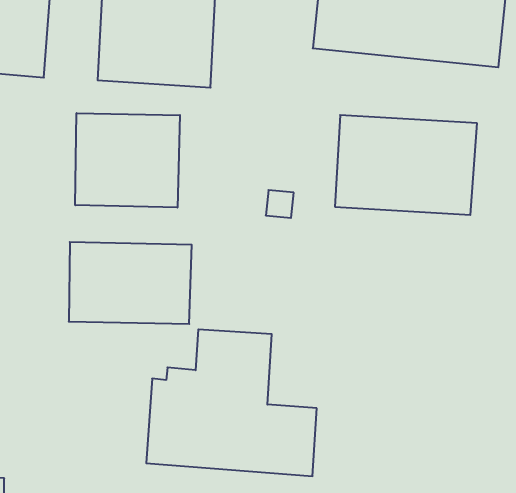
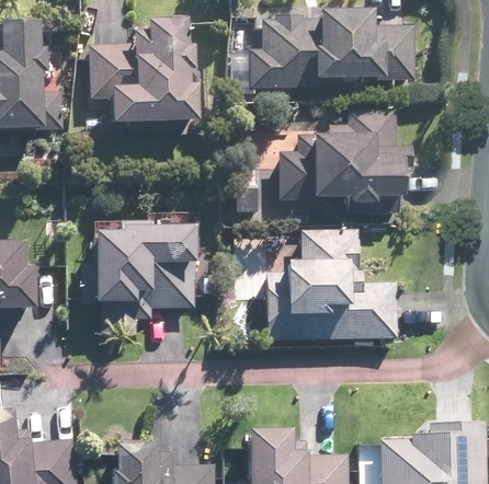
building: [75,113,180,208] -> none
building: [146,329,317,476] -> [266,229,398,338]

